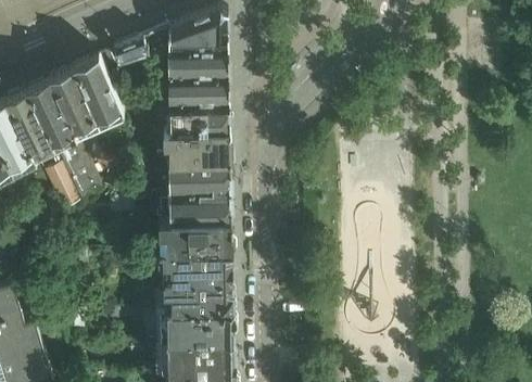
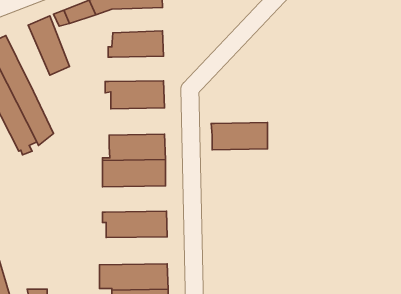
building: [169,49,228,78] -> none
building: [47,69,98,138] -> none
building: [165,105,229,135] -> none
building: [165,165,230,196] -> [211,122,268,150]
building: [144,255,232,285] -> none
building: [155,314,233,346] -> none

